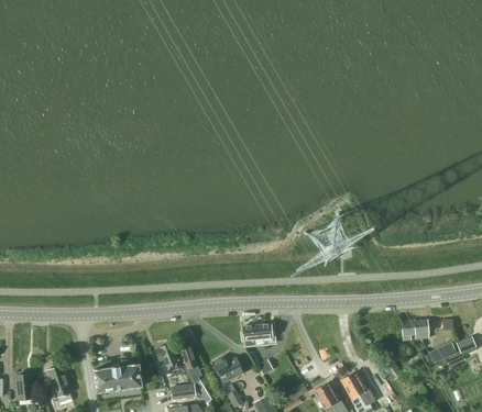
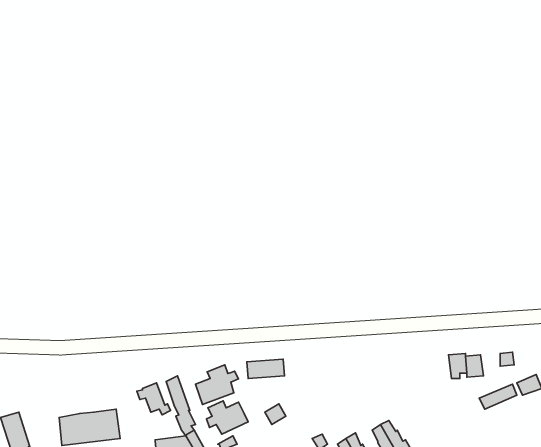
building: none -> [196,365,239,404]

